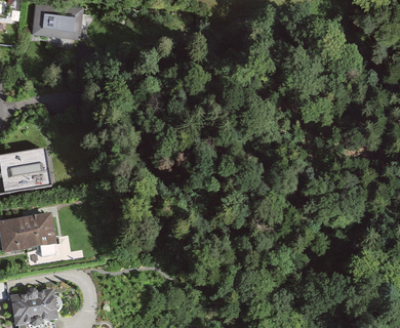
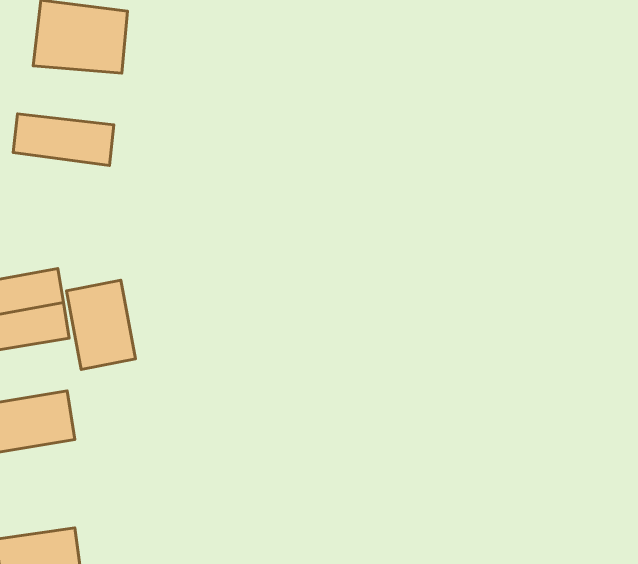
building: none -> [13,114,114,165]
building: none -> [67,280,135,369]

